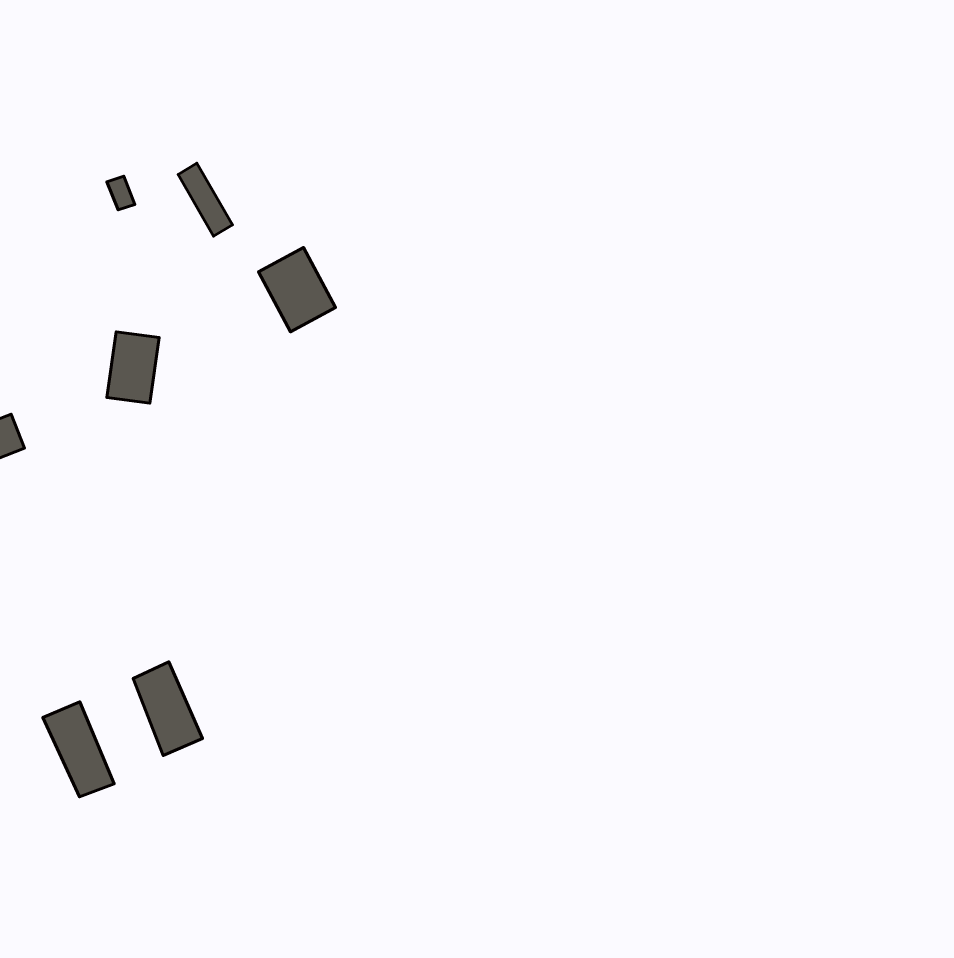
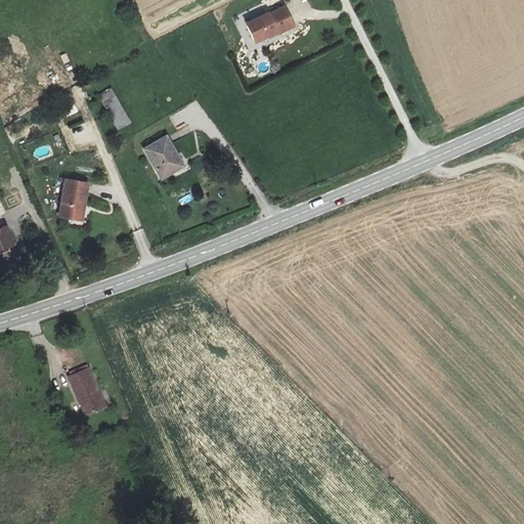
building: none -> [246,7,293,42]
building: [43,702,114,797] -> none

